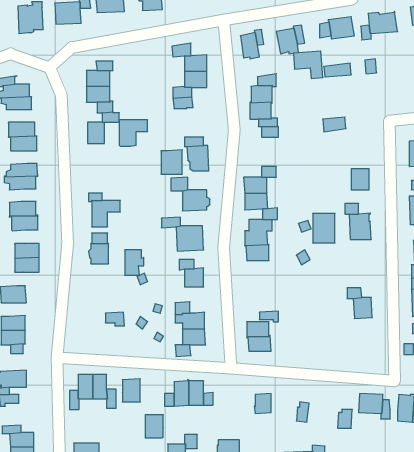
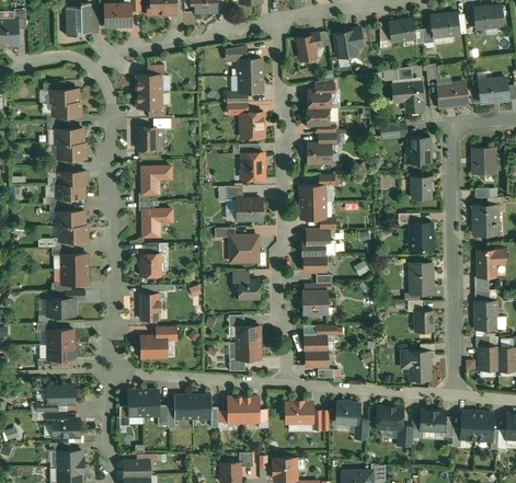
building: [293,51,323,79] -> [392,83,423,112]
building: none -> [437,82,467,108]
building: [119,120,148,146] -> [141,168,171,195]
building: none -> [408,138,431,163]
building: none -> [307,145,331,164]
building: [161,150,182,174] -> [241,113,263,138]
building: [313,213,335,243] -> [410,264,433,295]
building: [125,250,144,275] -> [140,295,160,321]
building: none -> [302,290,328,319]
building: none -> [141,337,167,359]
building: none -> [401,352,435,381]
building: none -> [284,402,312,424]
building: none -> [335,403,359,425]
building: none -> [374,407,403,430]
building: none -> [53,419,79,437]
building: [145,415,163,438] -> [193,395,211,419]

